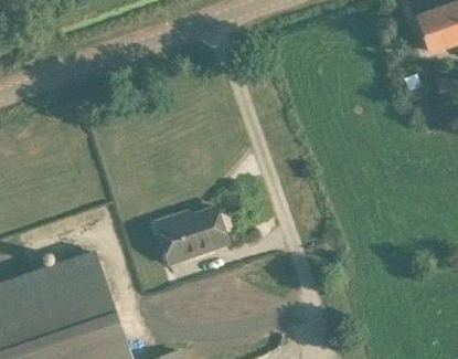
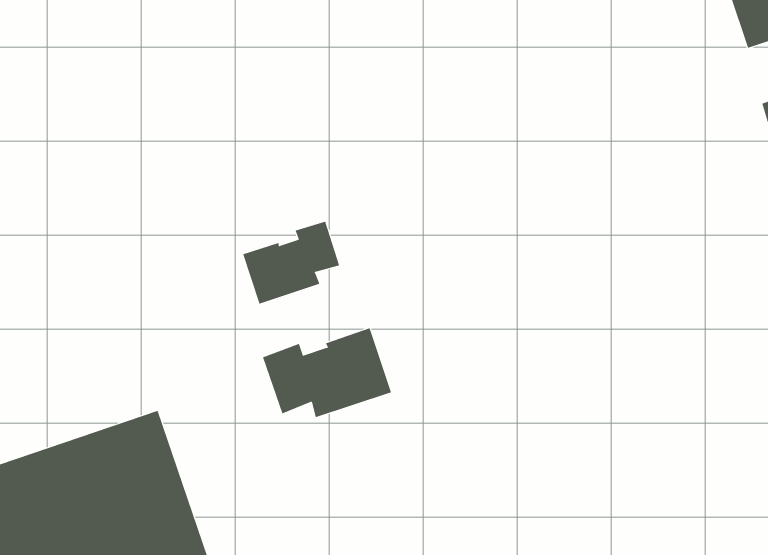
building: none -> [242,221,340,305]

